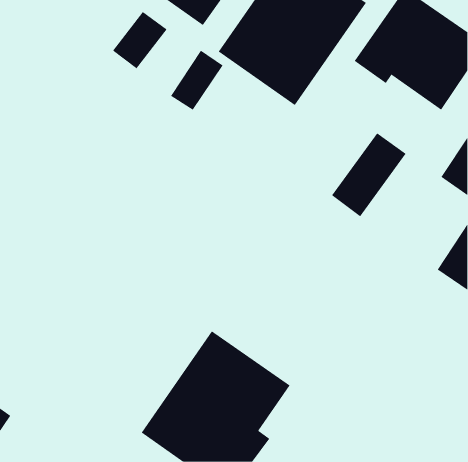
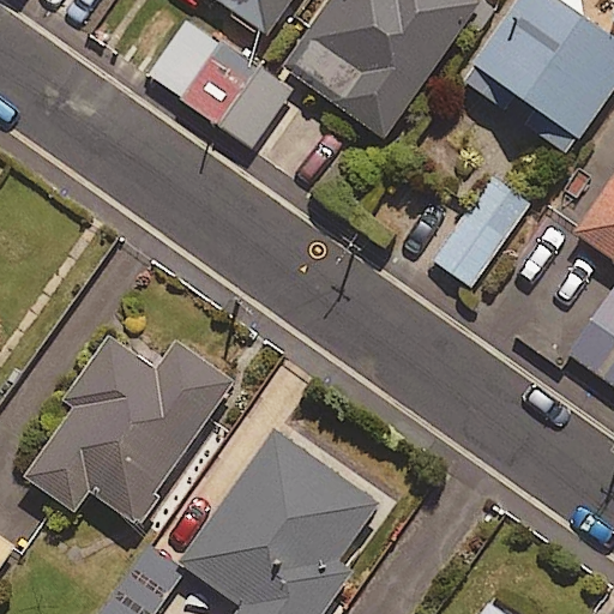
building: none -> [25,338,230,523]

